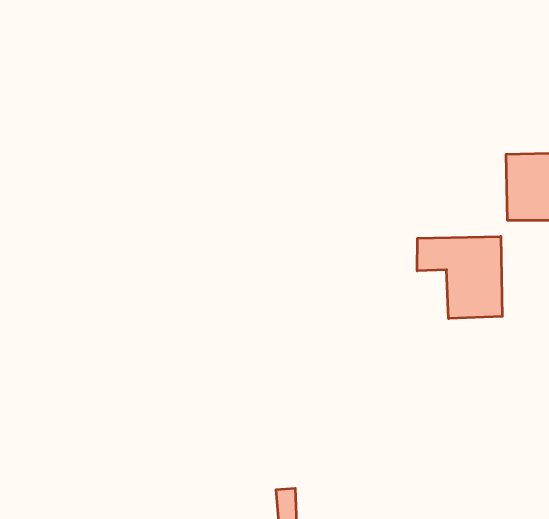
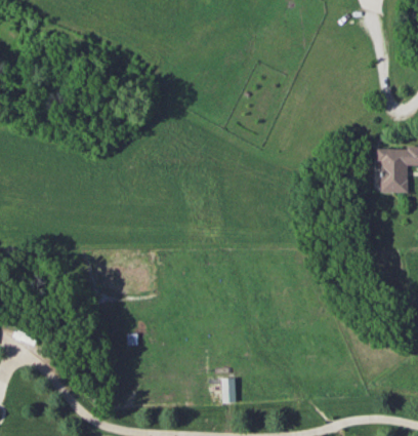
building: [417,236,502,319] -> none

